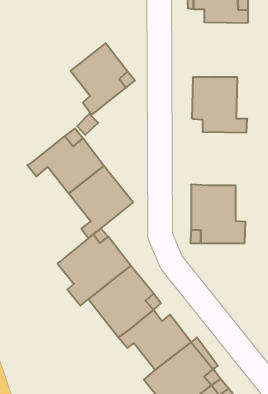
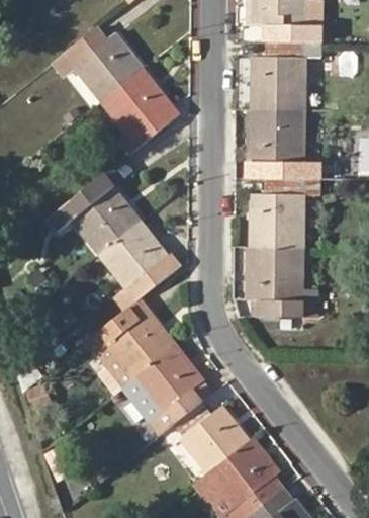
building: none -> [54,30,143,101]
building: none -> [251,40,319,109]
building: none -> [249,177,317,244]

